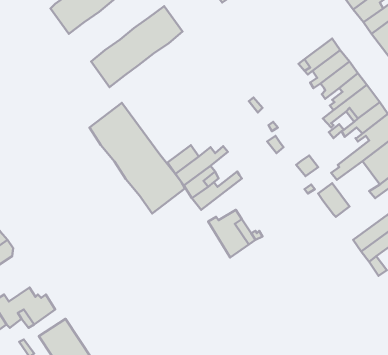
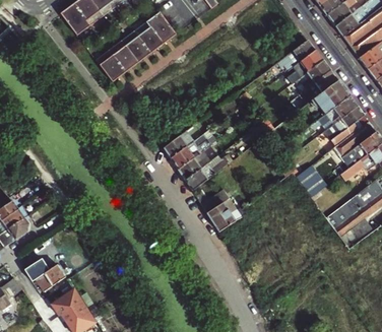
building: [89,103,185,213] -> none

